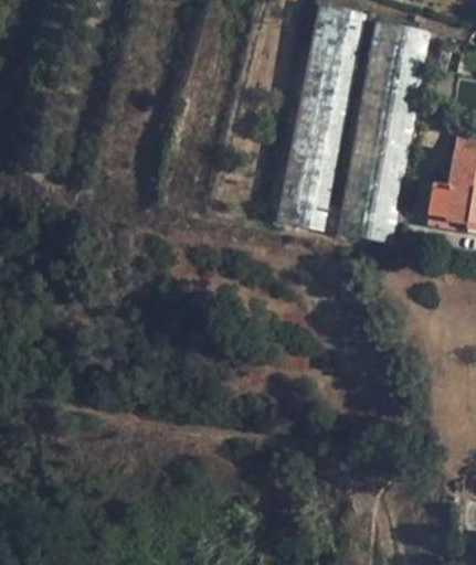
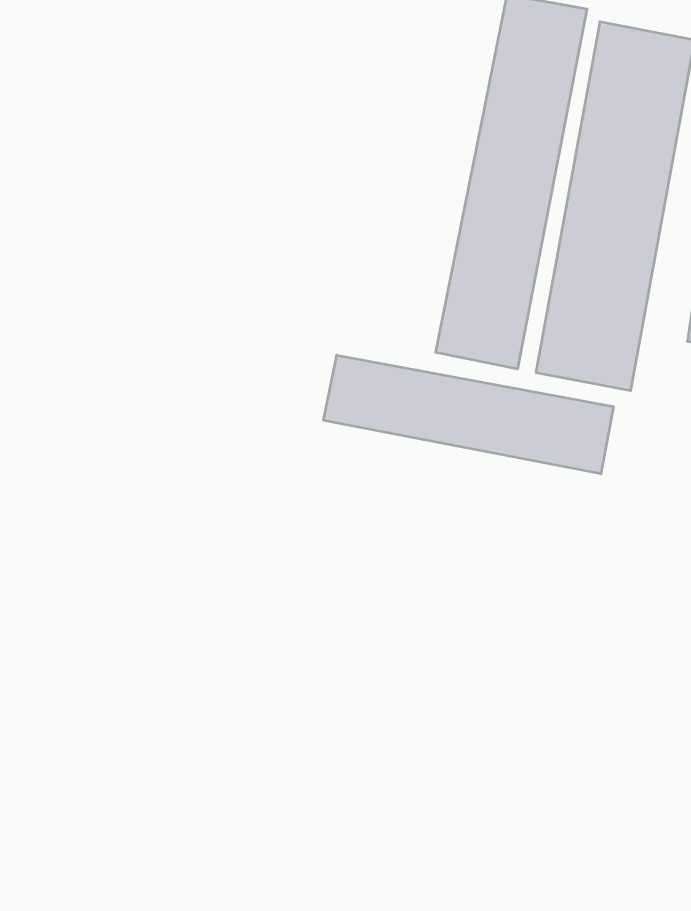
building: none -> [324,355,613,474]

